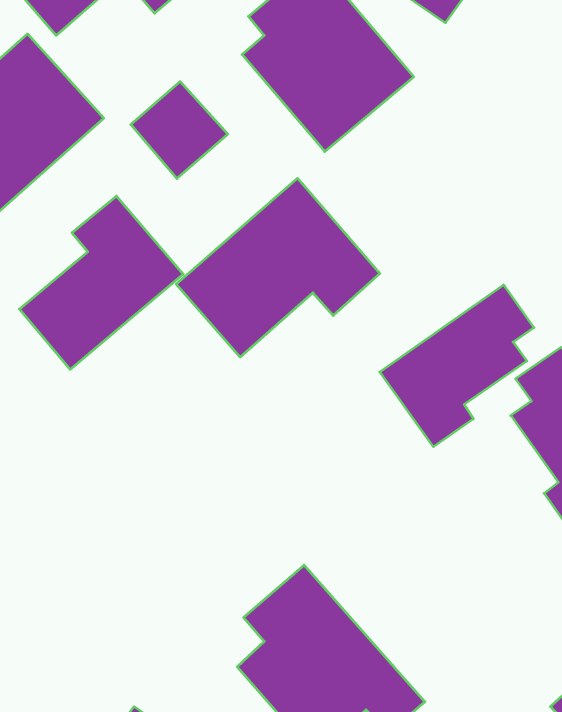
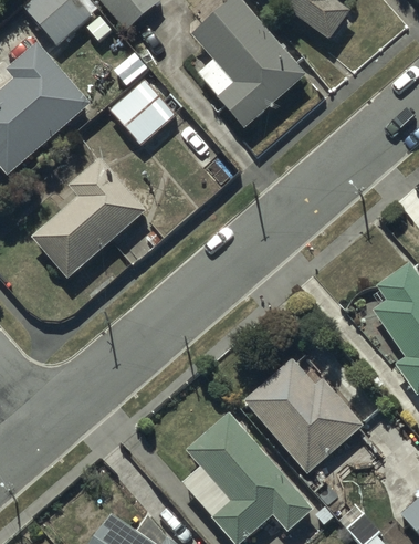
building: [176,178,380,357] -> none
building: [380,285,534,447] -> none
building: none -> [244,356,363,471]

